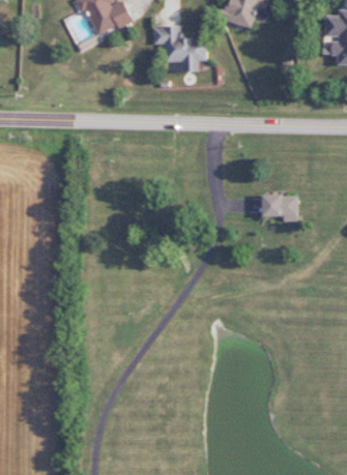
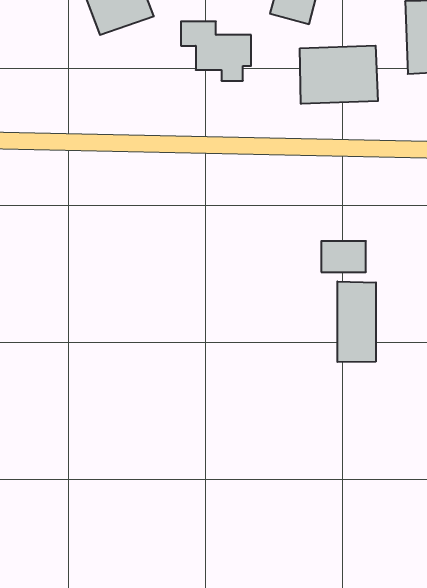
building: none -> [300,46,378,104]
building: none -> [337,281,376,362]

